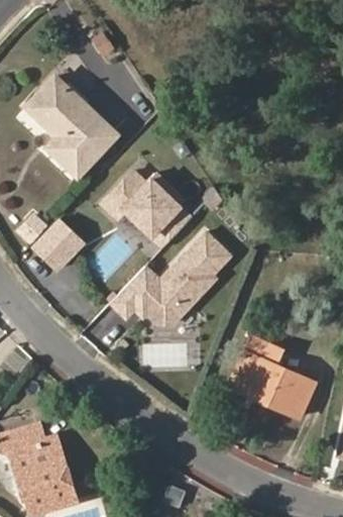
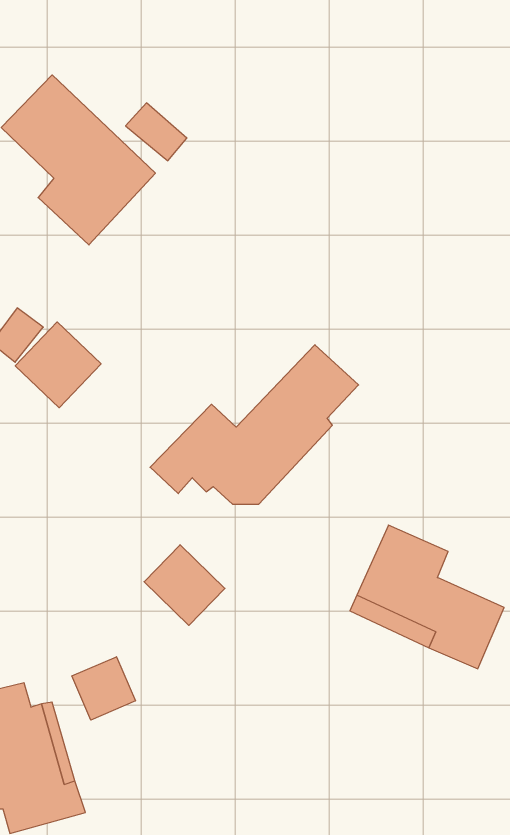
building: [106,172,193,246] -> none
building: none -> [144,545,225,625]
building: none -> [72,657,135,720]

